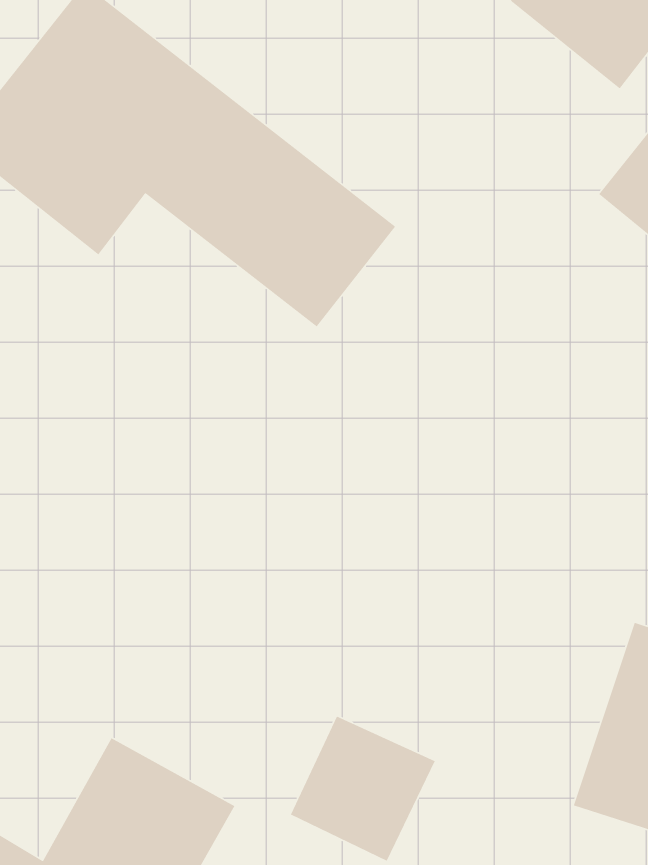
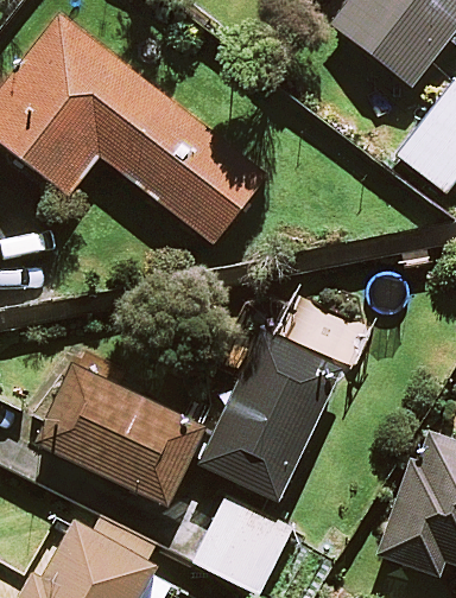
building: none -> [201,332,338,498]
building: none -> [36,363,204,503]

